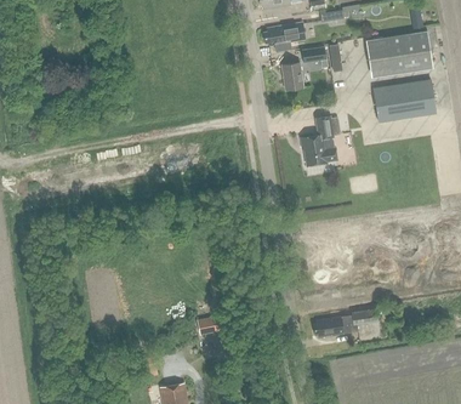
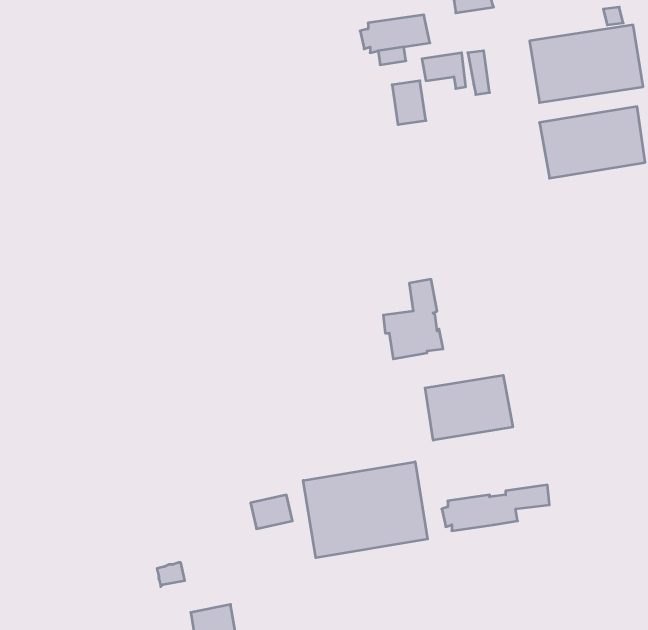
building: [301,116,337,165] -> [383,279,443,359]
building: none -> [425,375,513,440]
building: none -> [303,462,428,558]

